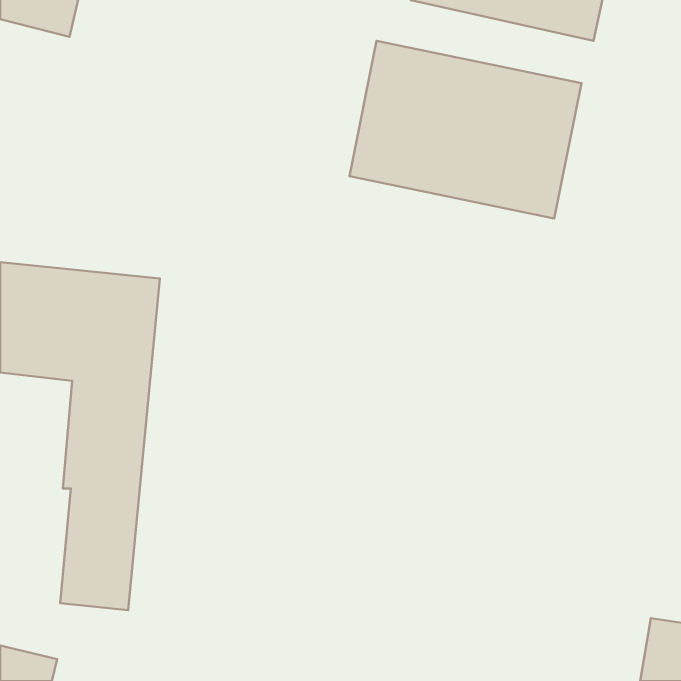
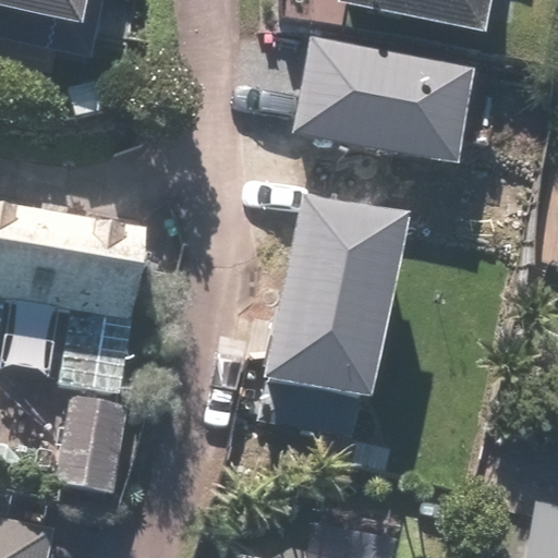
building: none -> [250,220,397,444]

